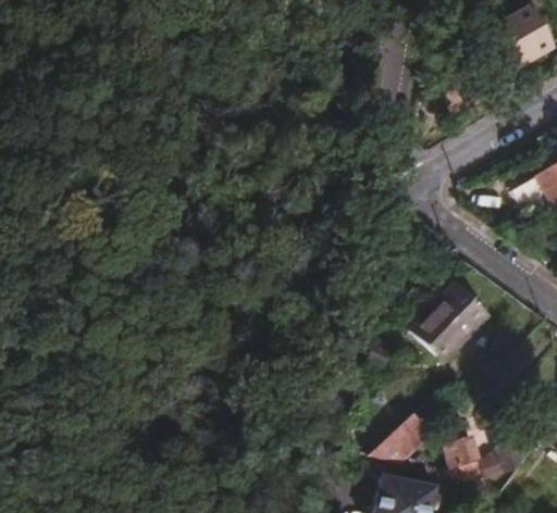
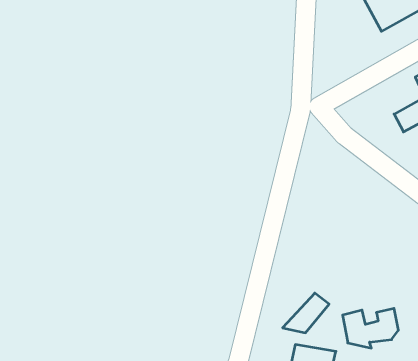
building: [416,276,495,356] -> none

